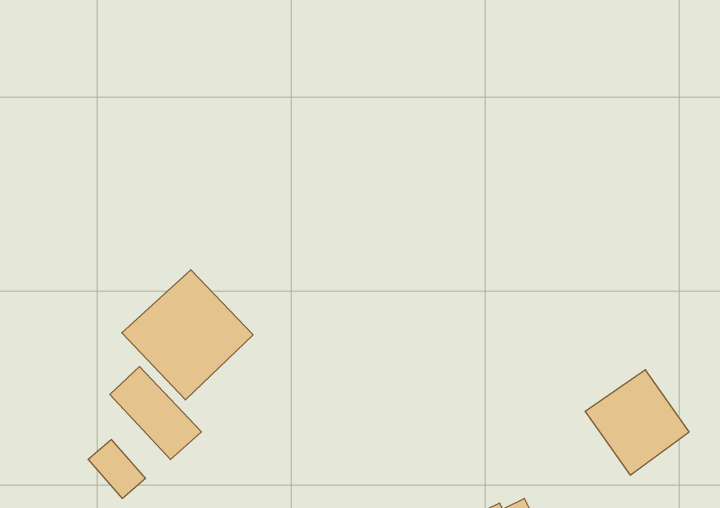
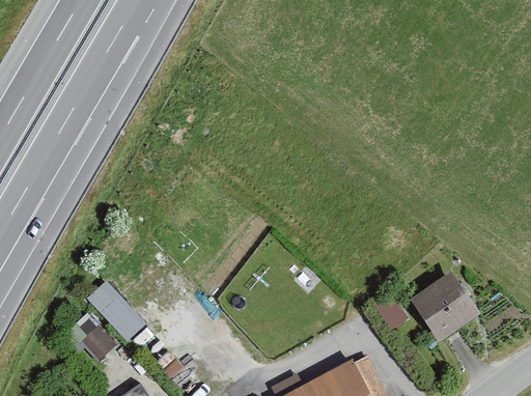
building: [122,270,253,400] -> none

